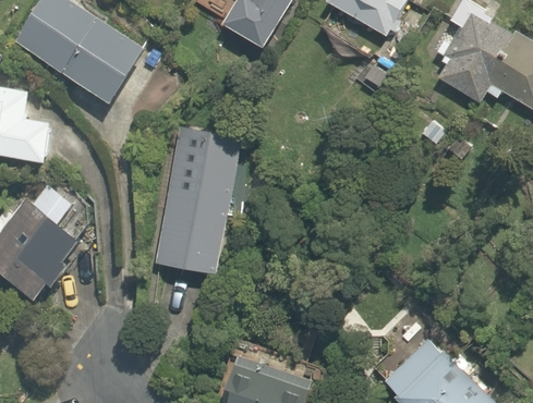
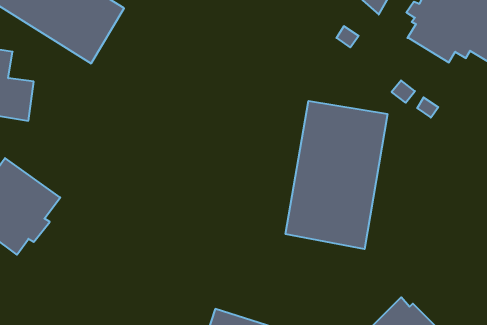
building: [155,127,240,273] -> none
building: none -> [286,101,387,249]

